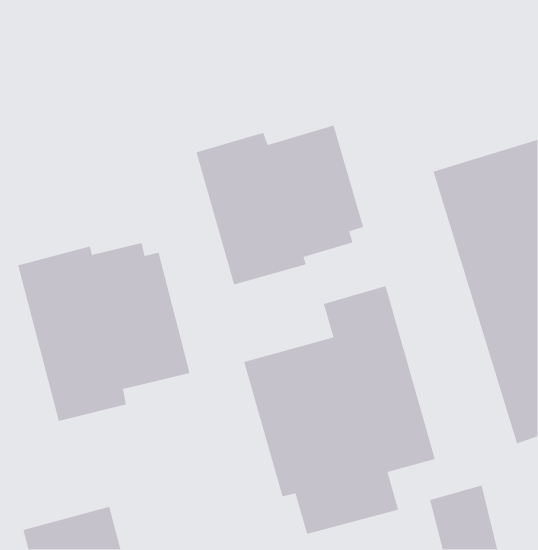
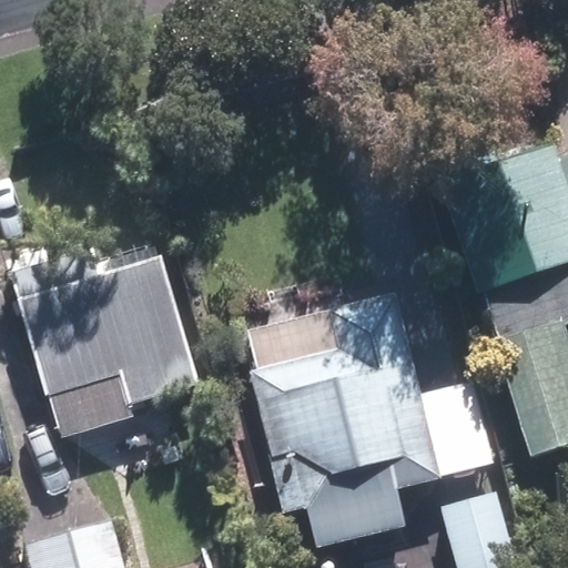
building: [195,124,364,285] -> none

